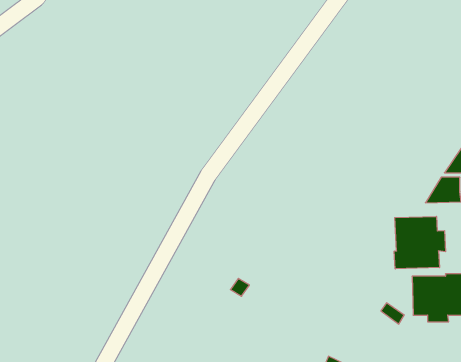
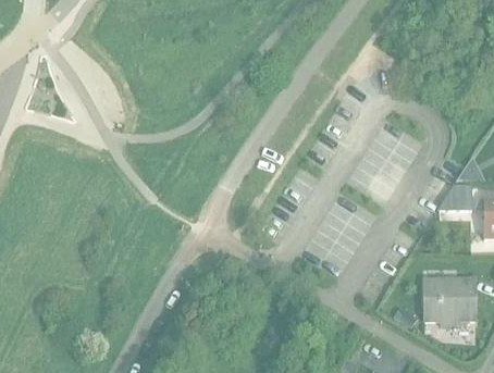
building: [394,216,446,269] -> none

